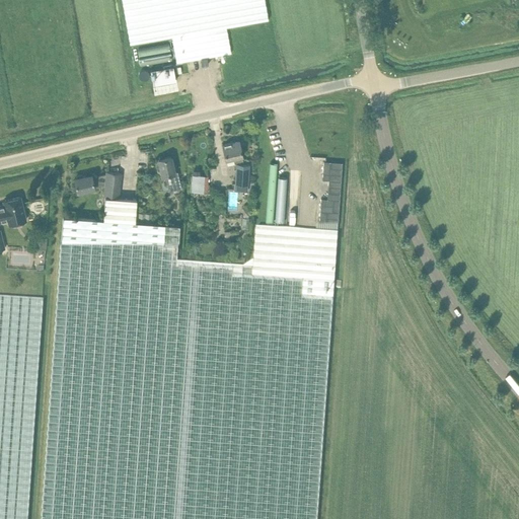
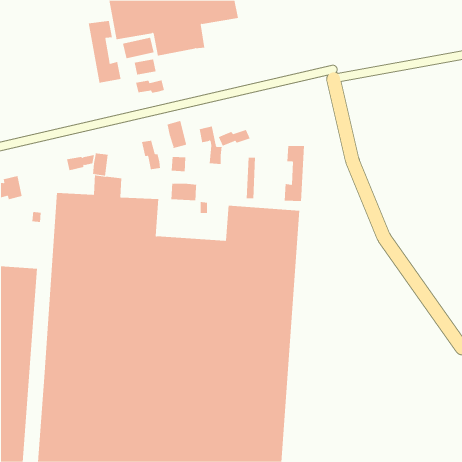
building: none -> [88,20,121,84]
building: none -> [136,80,164,94]
building: none -> [167,120,187,149]
building: none -> [218,129,251,146]
building: none -> [171,183,197,201]

